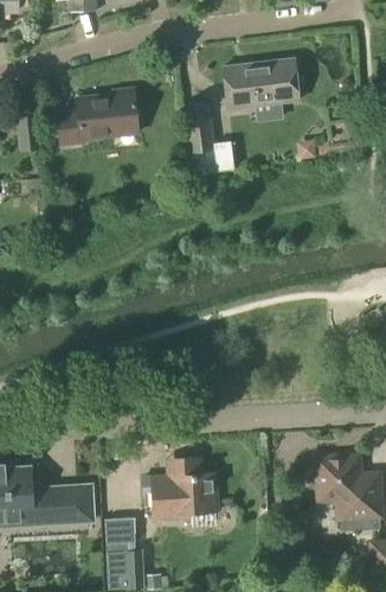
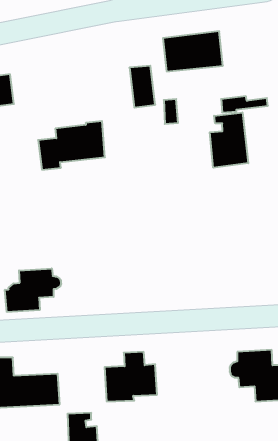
building: [54,88,137,148] -> [38,121,105,170]
building: none -> [210,112,248,168]
building: none -> [5,268,61,312]

